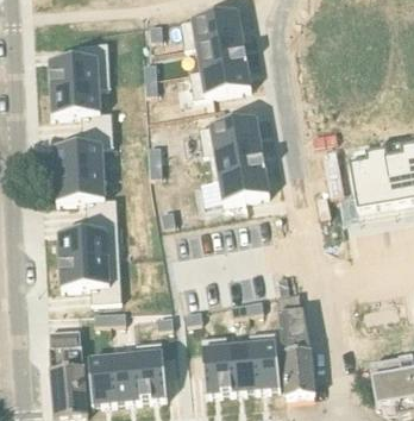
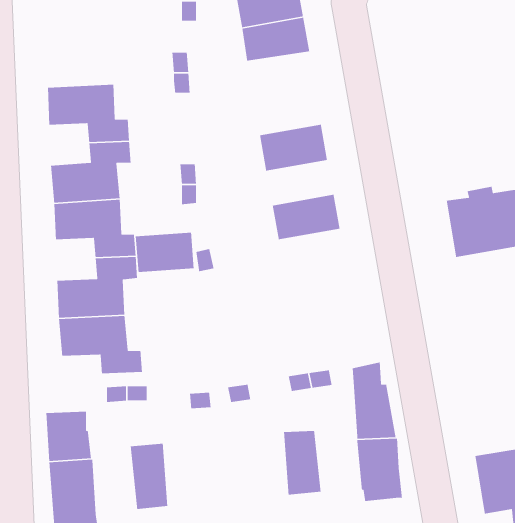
building: [48,39,108,86] -> none
building: [199,59,250,94] -> none
building: [213,140,264,174] -> none
building: none -> [135,232,195,273]
building: [250,339,280,388] -> none
building: [200,343,230,392] -> none
building: [137,348,167,398] -> none
building: [87,353,117,402] -> none

